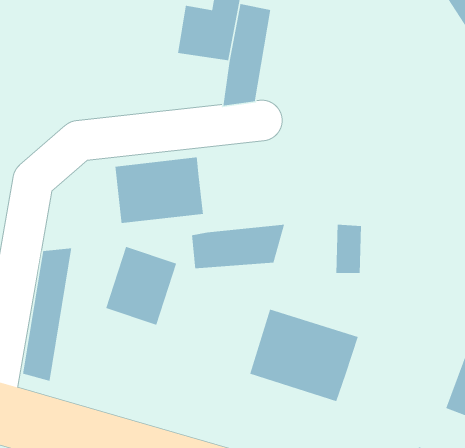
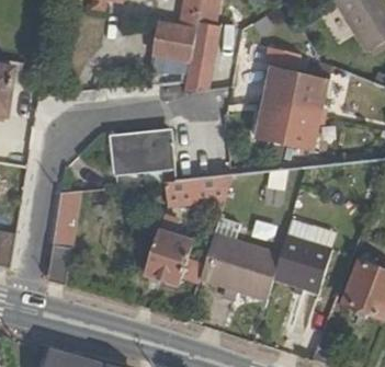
building: none -> [254,67,328,150]
building: [105,246,177,326] -> [143,229,193,285]
building: none -> [272,234,330,294]

